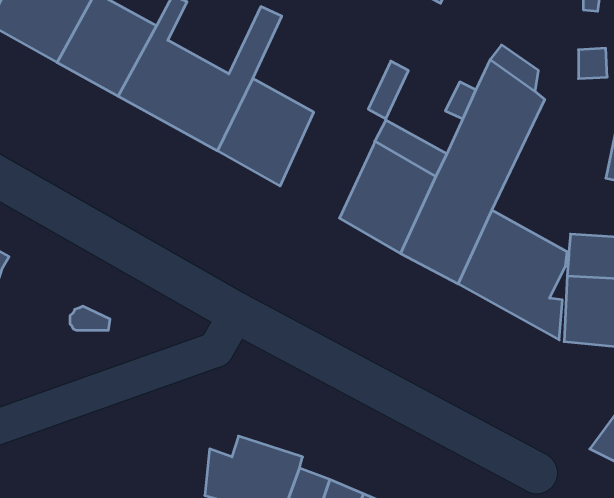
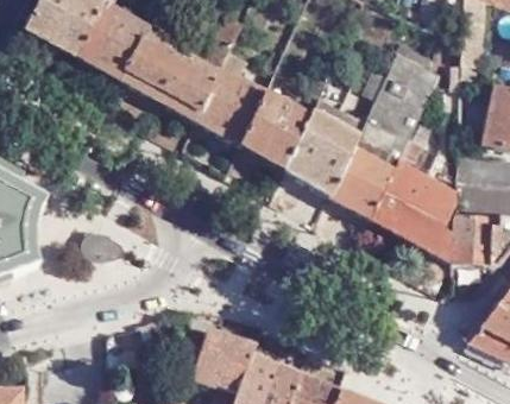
building: none -> [240,90,309,169]

